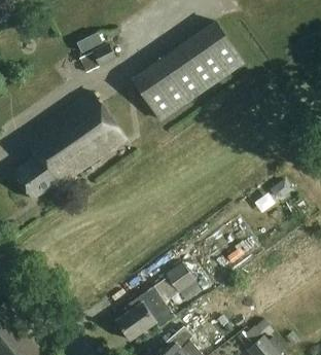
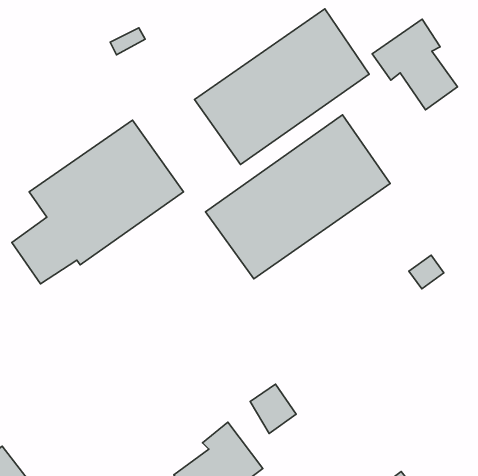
building: none -> [372,19,458,110]
building: none -> [206,115,390,279]

